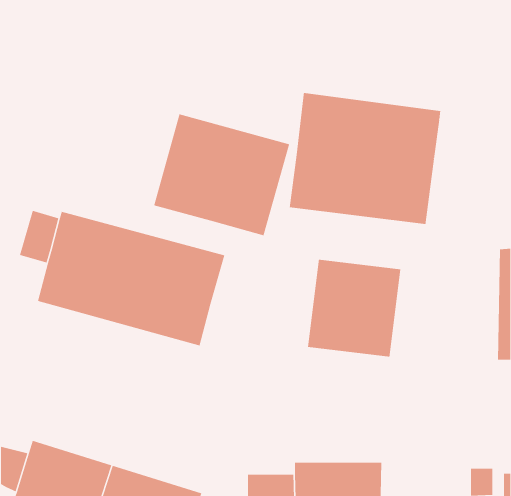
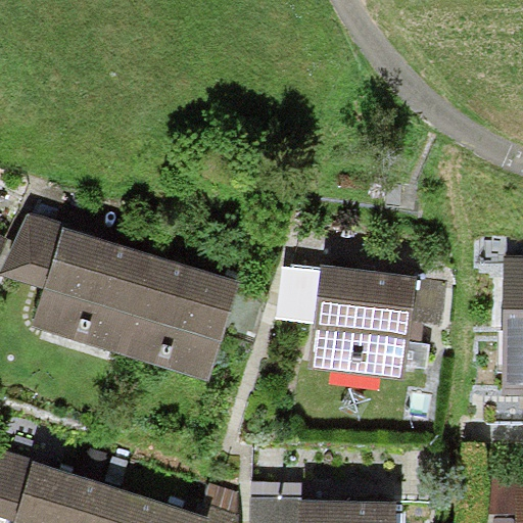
building: [289,92,441,225] -> none
building: [153,114,290,236] -> none

